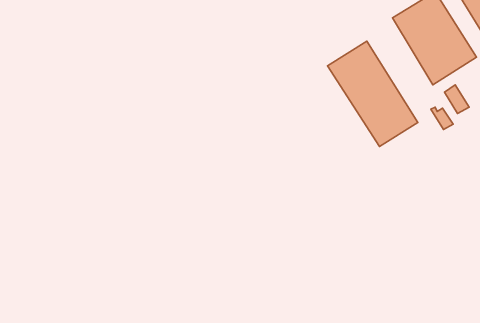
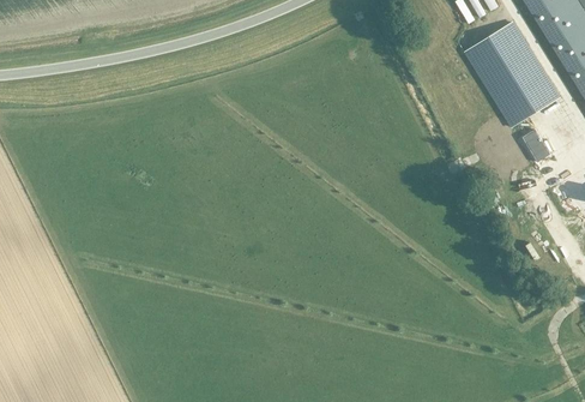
building: [327,41,418,147] -> none

